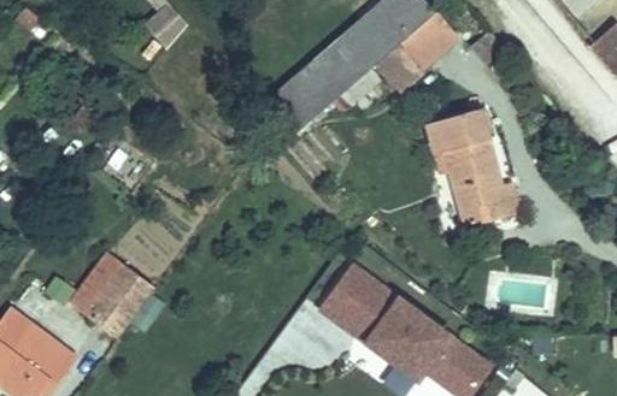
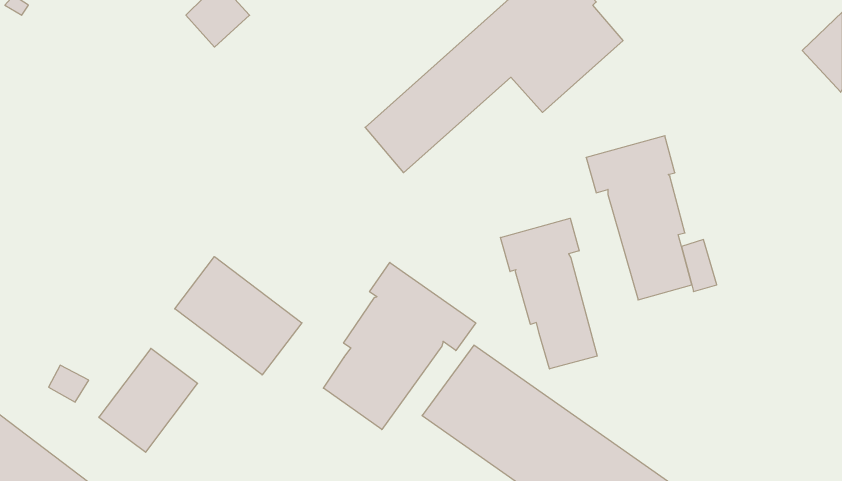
building: none -> [500,218,597,369]
building: none -> [175,257,302,375]
building: none -> [323,262,476,430]

